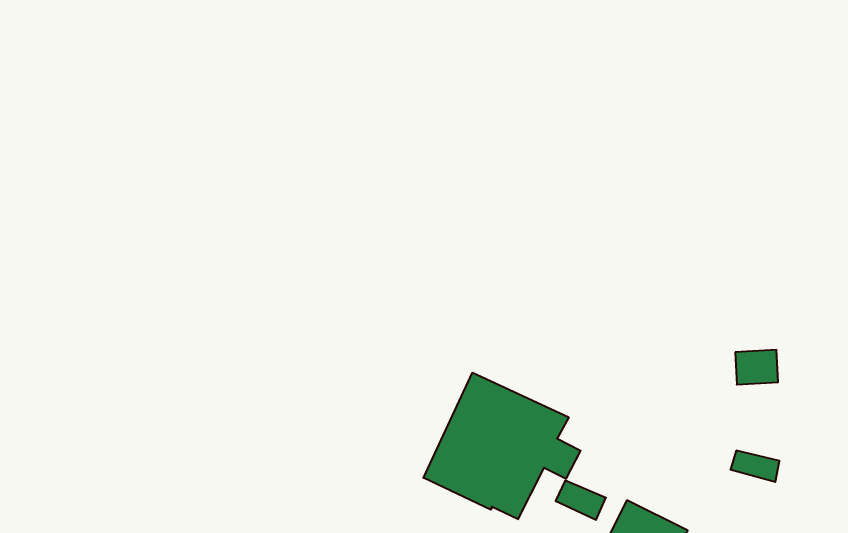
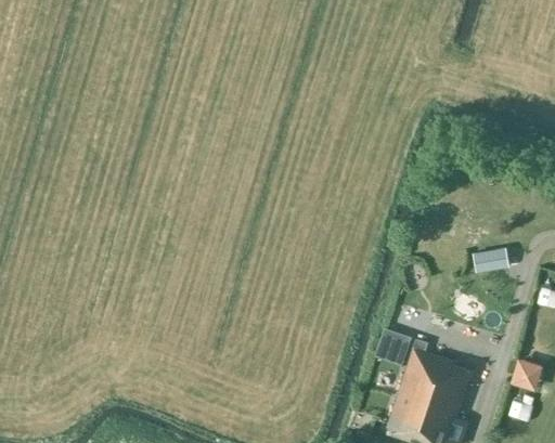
building: [423,373,581,519] -> none

